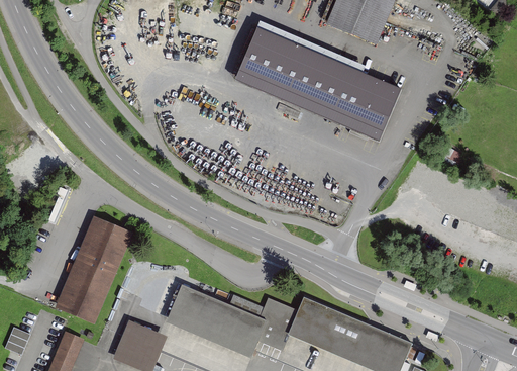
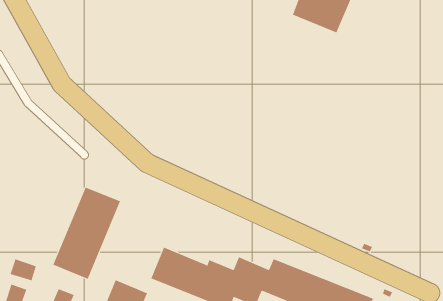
building: [235,27,402,140] -> none
building: none -> [10,258,37,281]

